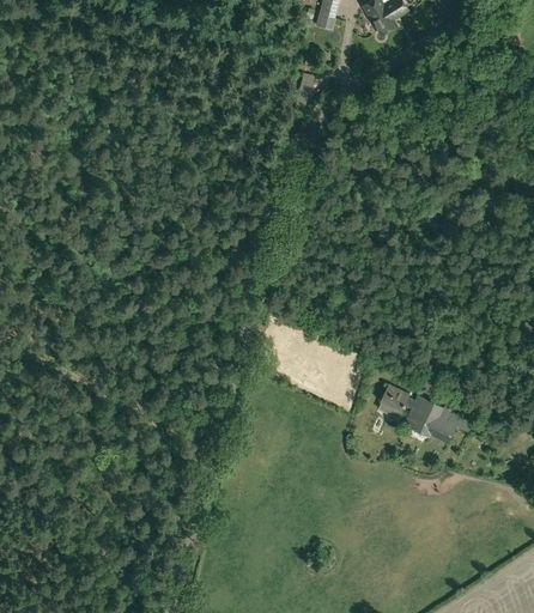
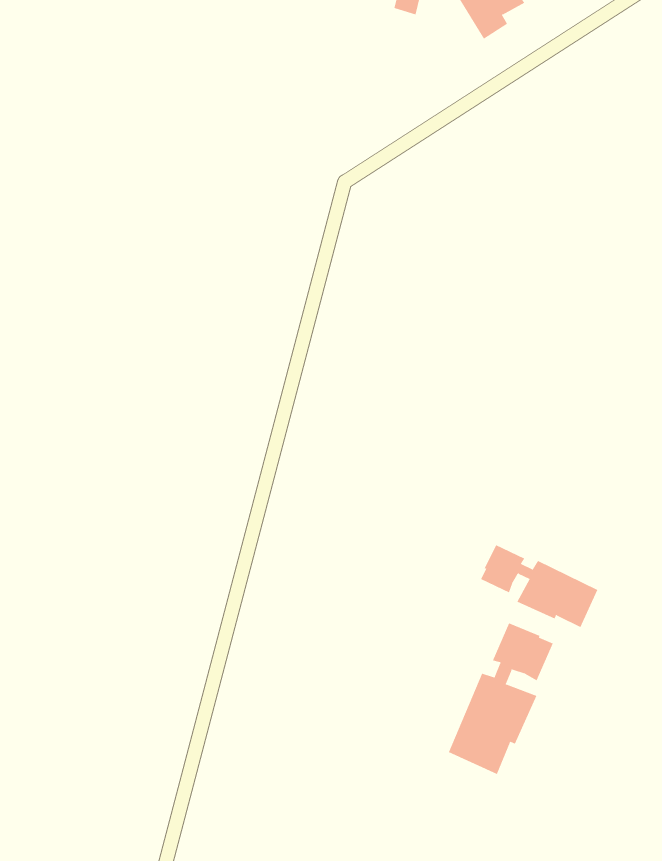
building: none -> [448,623,553,775]

